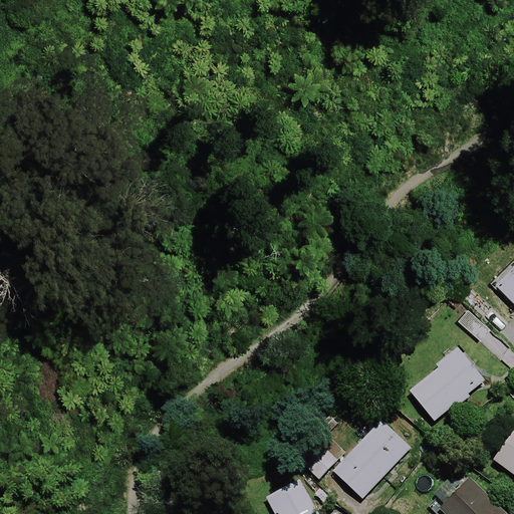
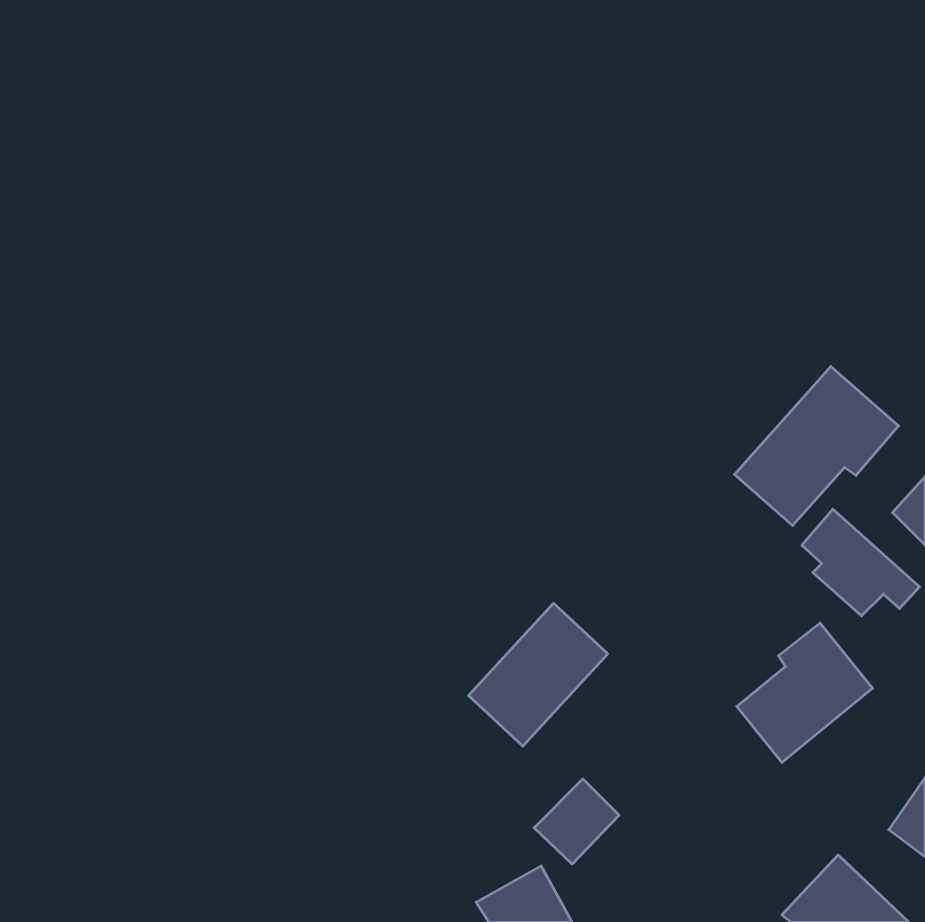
building: none -> [734,366,899,526]
building: [332,421,410,500] -> [468,603,608,746]

